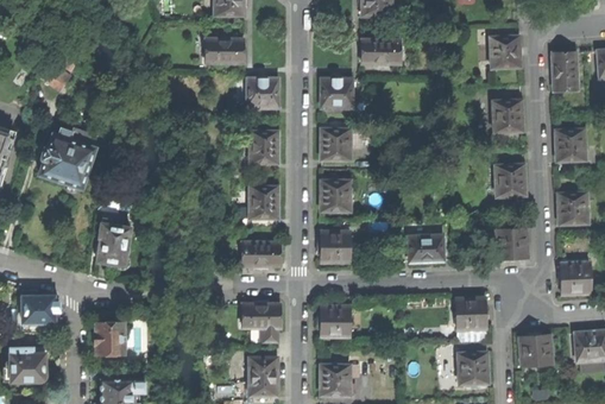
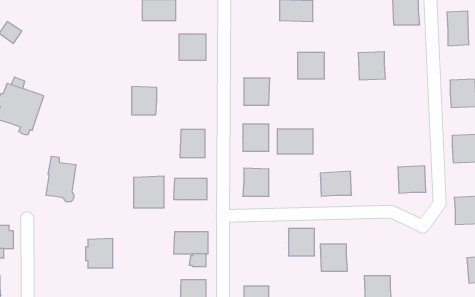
building: [321,78,352,108] -> [297,53,325,79]
building: [492,100,523,132] -> [358,52,385,80]
building: [250,131,278,163] -> [132,87,157,115]
building: [494,164,525,197] -> none
building: none -> [278,129,313,154]
building: none -> [134,176,164,208]
building: [455,298,486,329] -> [320,244,347,271]
building: [320,305,349,336] -> [288,229,315,256]
building: [93,321,124,354] -> [86,239,113,268]
building: [518,334,552,366] -> none

